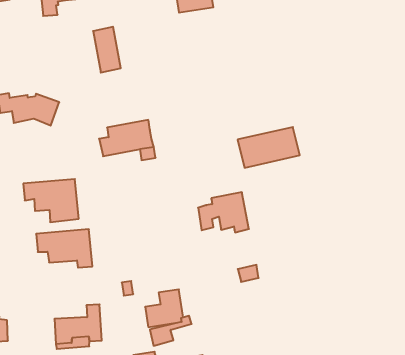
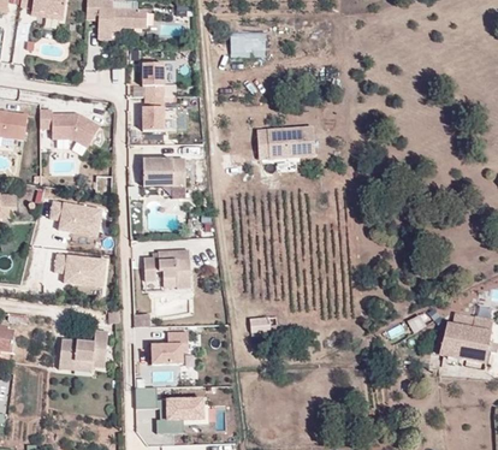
building: none -> [143,105,167,129]
building: [238,127,300,168] -> [257,126,316,159]
building: [198,192,249,232] -> [144,250,191,289]

